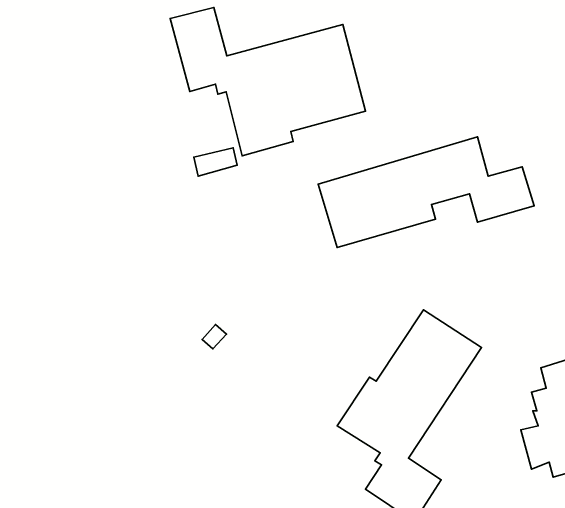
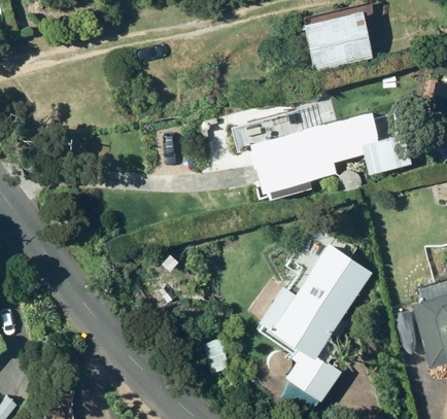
building: none -> [301,12,371,73]
building: [170,7,366,156] -> none

